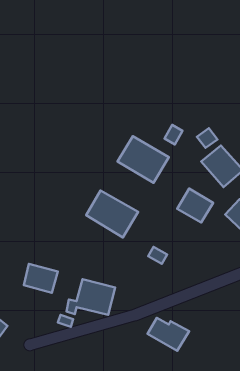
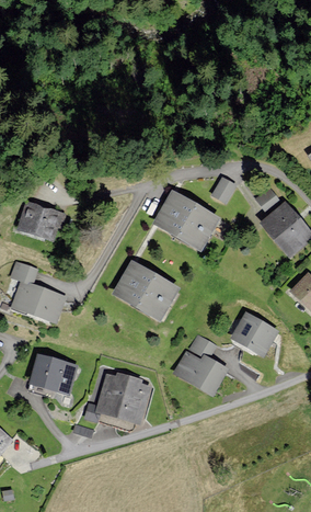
building: none -> [19,203,65,242]
building: [177,188,213,222] -> [231,312,277,356]
building: none -> [12,261,66,323]
building: [147,318,189,351] -> [173,352,227,395]

